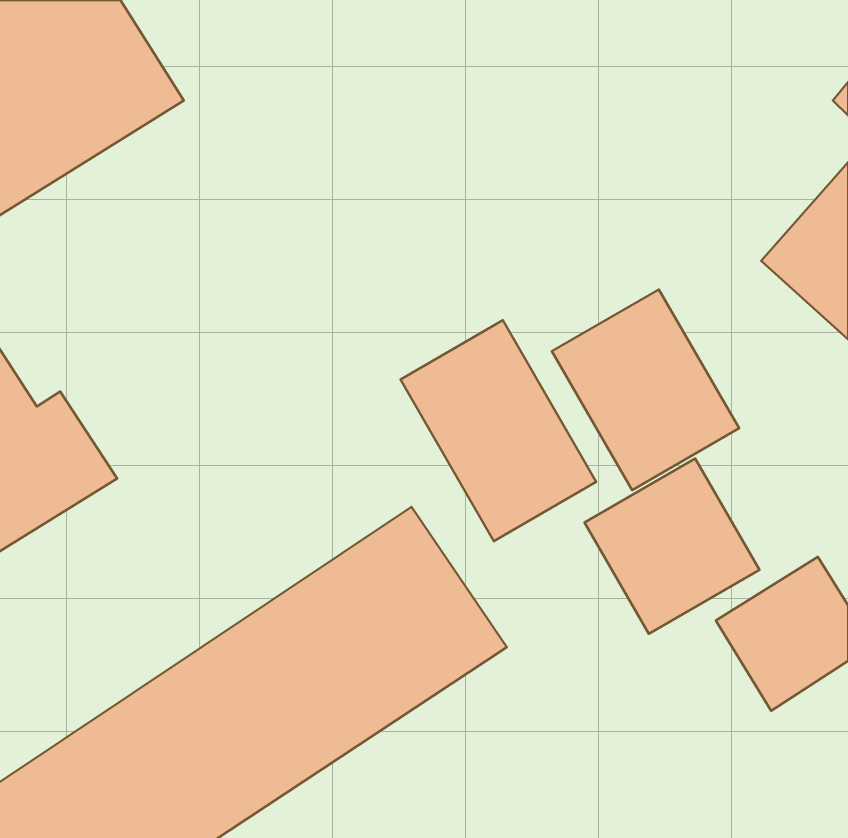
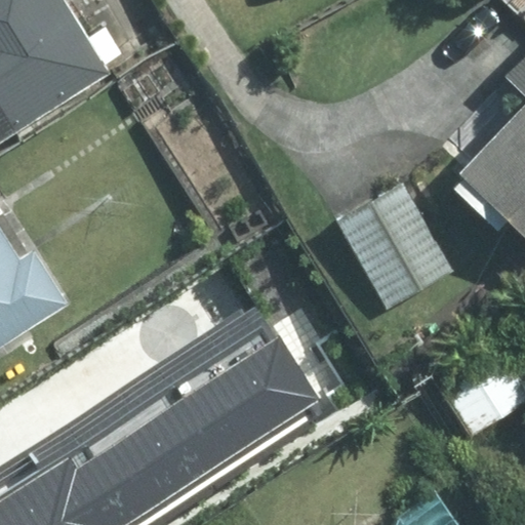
building: [400,320,596,541] -> none
building: [584,458,760,634] -> none

